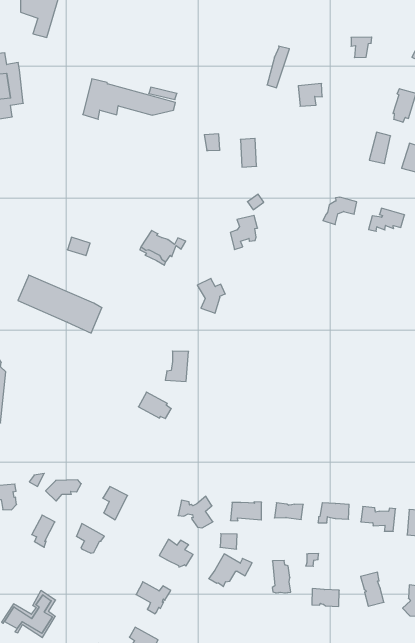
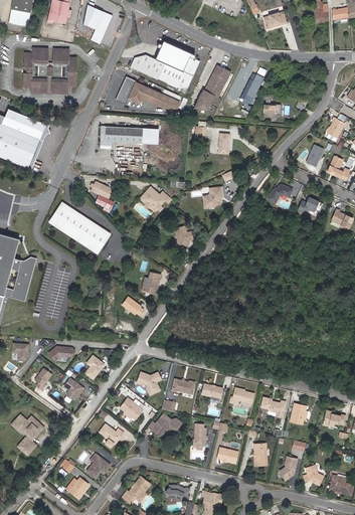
building: none -> [132,41,200,90]
building: none -> [194,65,230,110]
building: none -> [100,126,143,145]

